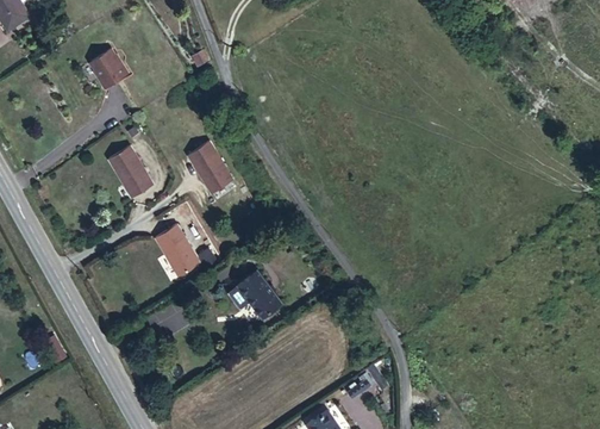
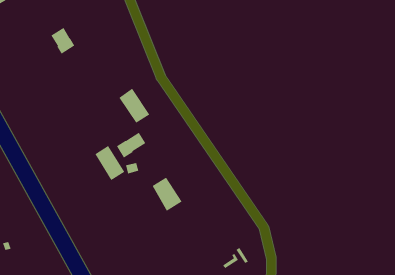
building: [110,142,154,193] -> none
building: none -> [116,132,146,159]

